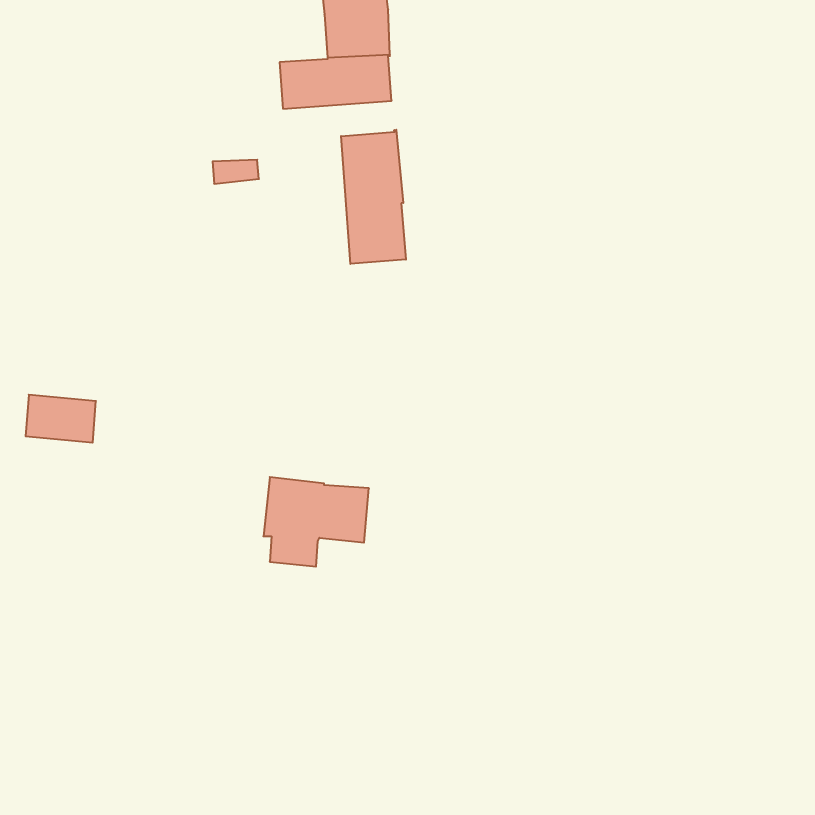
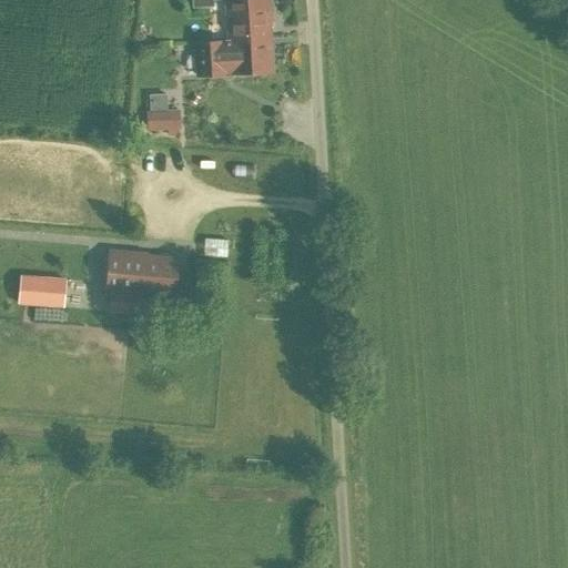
building: [341,130,406,264] -> none
building: [263,477,369,567] -> [105,250,179,312]

